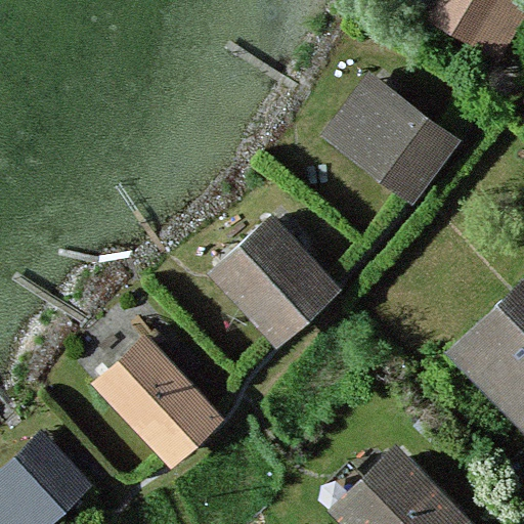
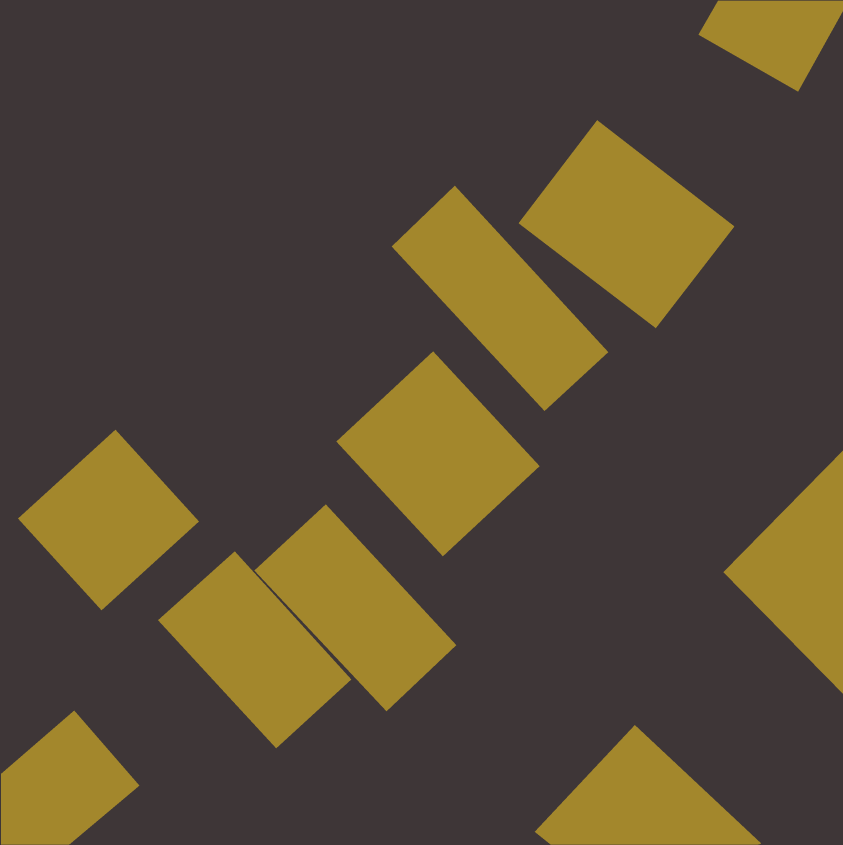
building: none -> [391,185,609,412]
building: none -> [17,429,200,611]
building: none -> [254,503,457,712]

